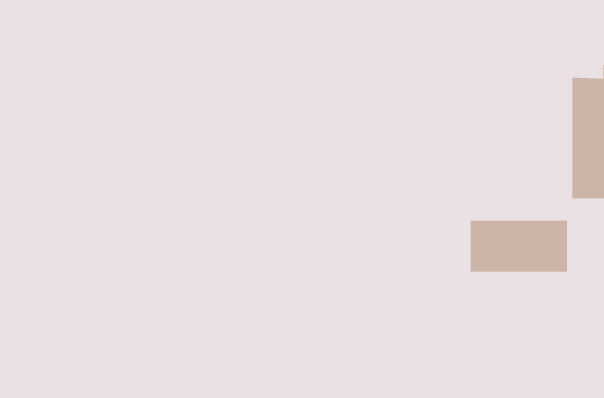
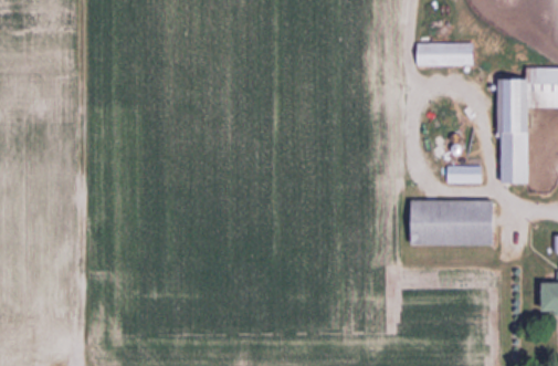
building: none -> [414,42,474,65]
building: none -> [444,166,481,184]

